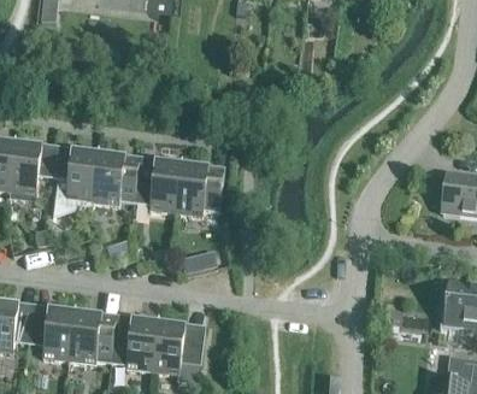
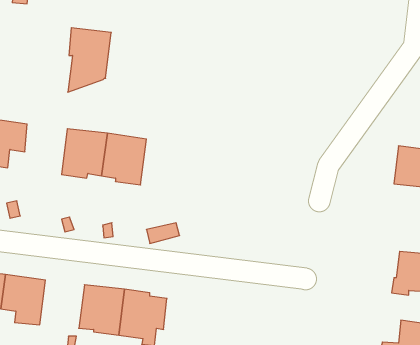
building: [53,147,99,214] -> [68,28,111,92]
building: [176,163,223,213] -> none
building: [70,311,117,361] -> none

